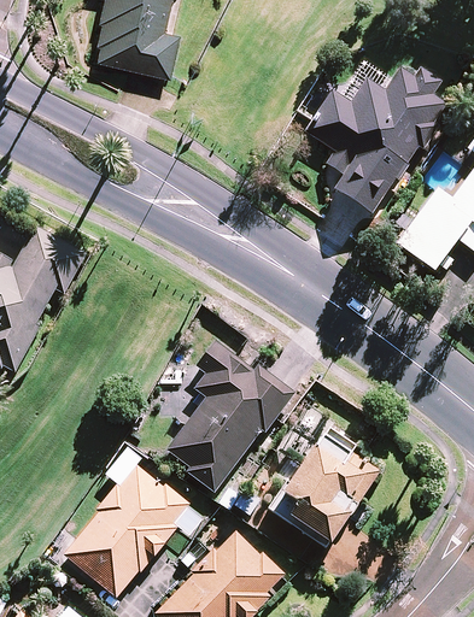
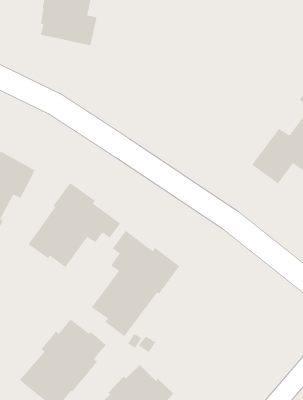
building: [302,69,444,213] -> none
building: none -> [28,182,121,268]
building: [268,424,379,546] -> none

